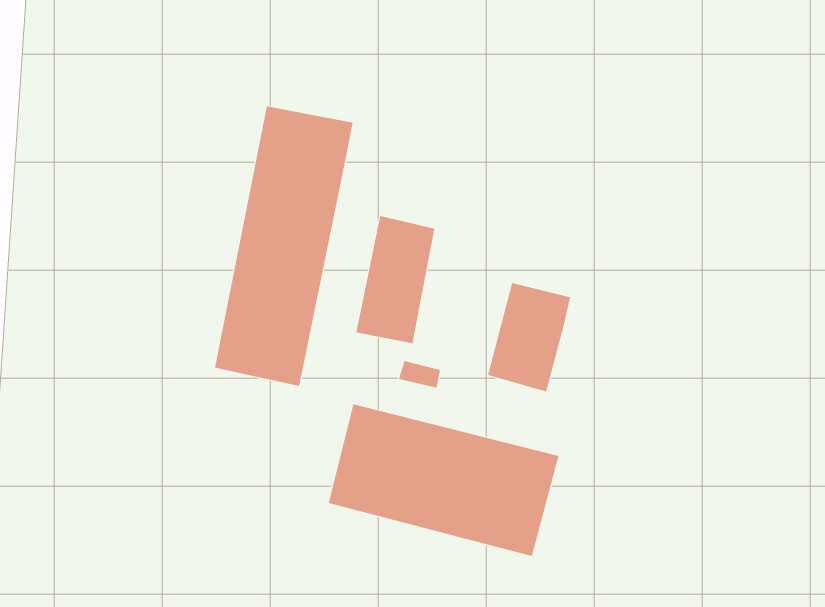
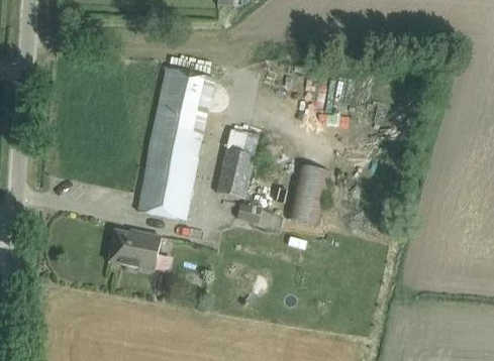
building: none -> [108,229,161,269]
building: [328,403,559,557] -> none

